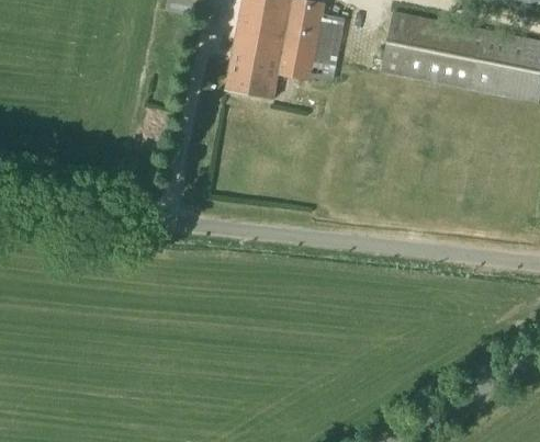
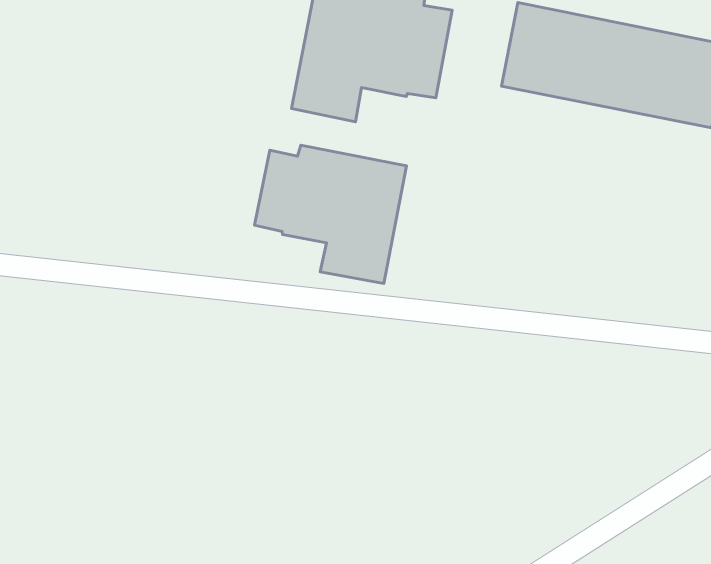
building: none -> [255,145,407,284]

